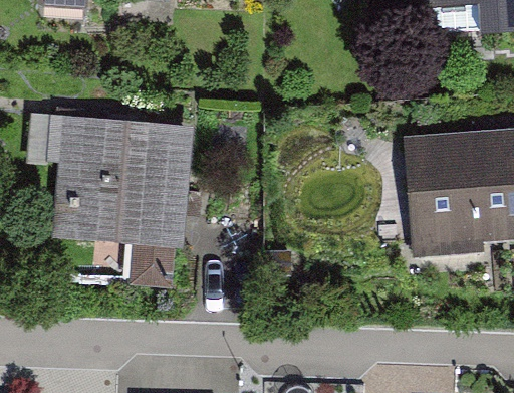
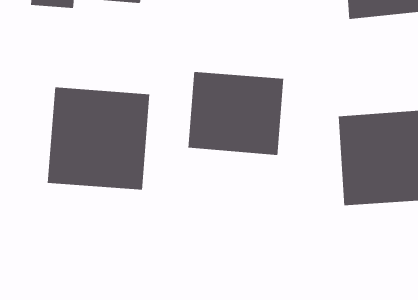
building: none -> [188,71,284,156]

